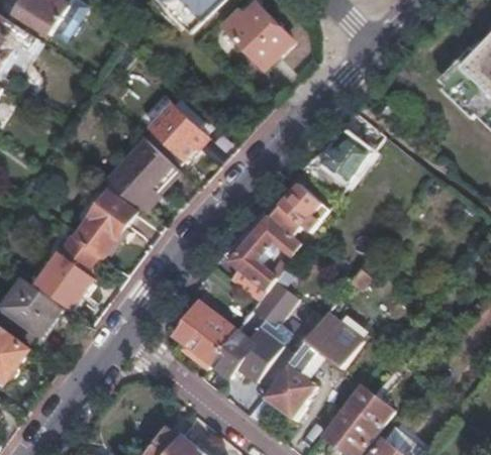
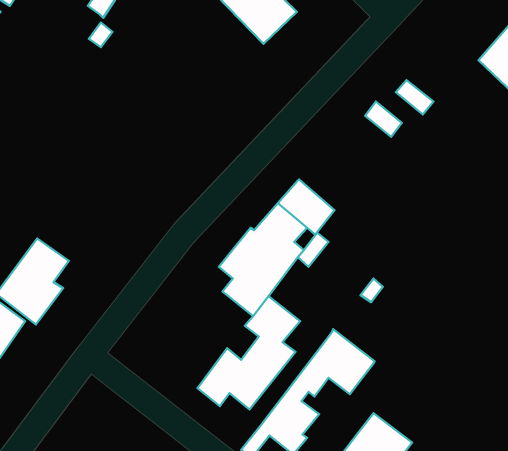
building: [151,104,206,158] -> none
building: [106,138,174,206] -> none
building: [319,138,368,183] -> none
building: [73,192,135,258] -> none
building: [175,305,229,364] -> none

